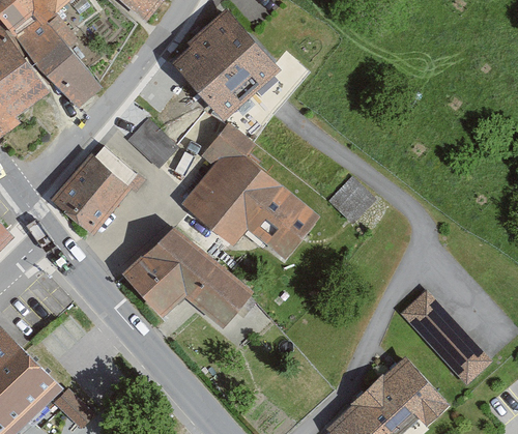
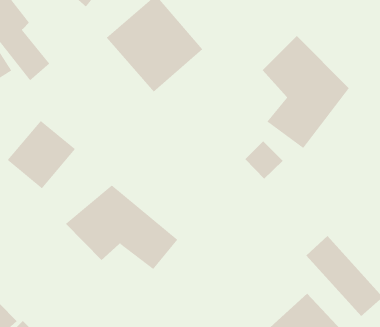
building: none -> [262,35,350,149]
building: [133,119,175,165] -> none
building: [174,137,317,253] -> none

